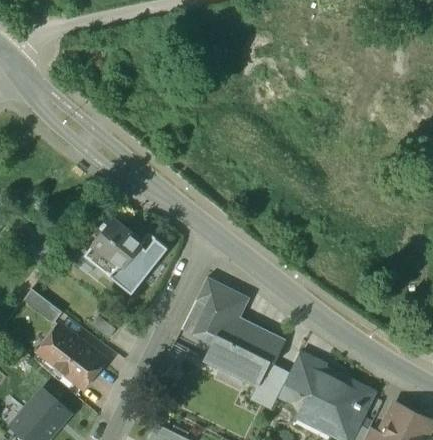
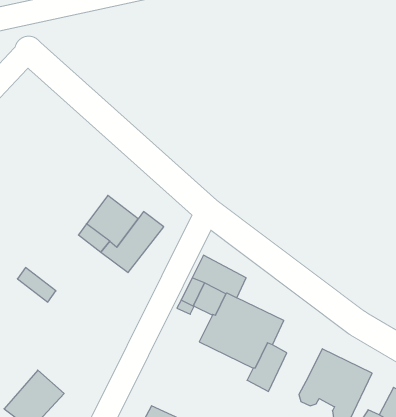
building: [39,327,103,387] -> none
building: [284,353,325,397] -> none

